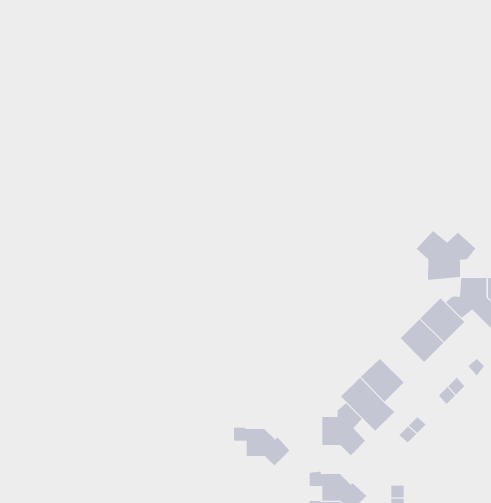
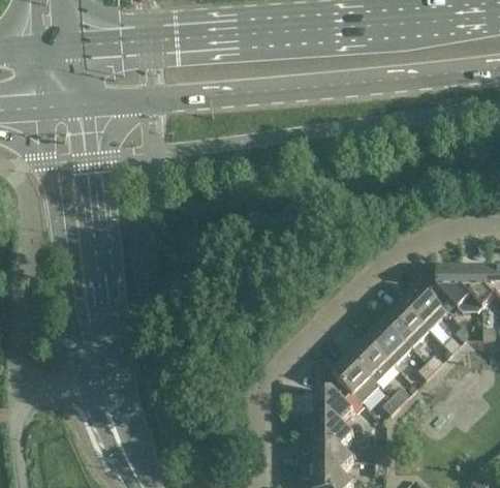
building: [416,230,476,281] -> none
building: none -> [369,319,408,359]
building: [233,427,290,467] -> [306,414,356,449]

